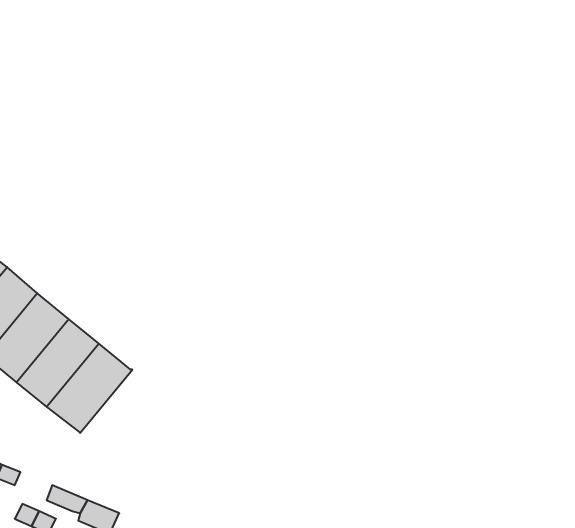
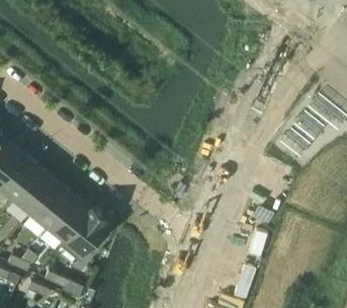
building: none -> [58,206,107,263]

